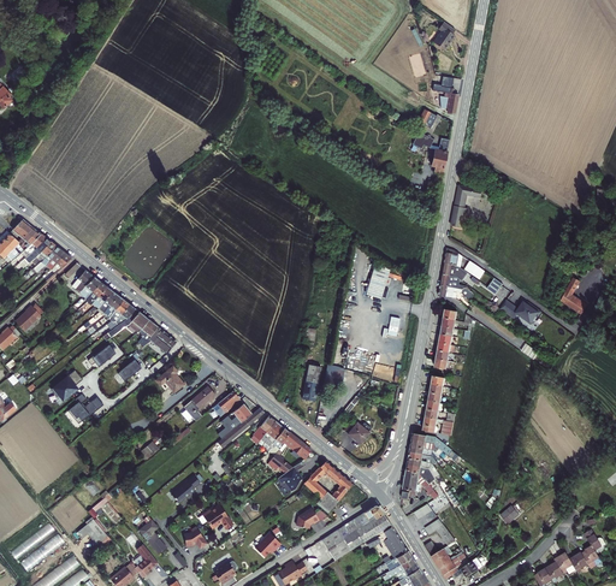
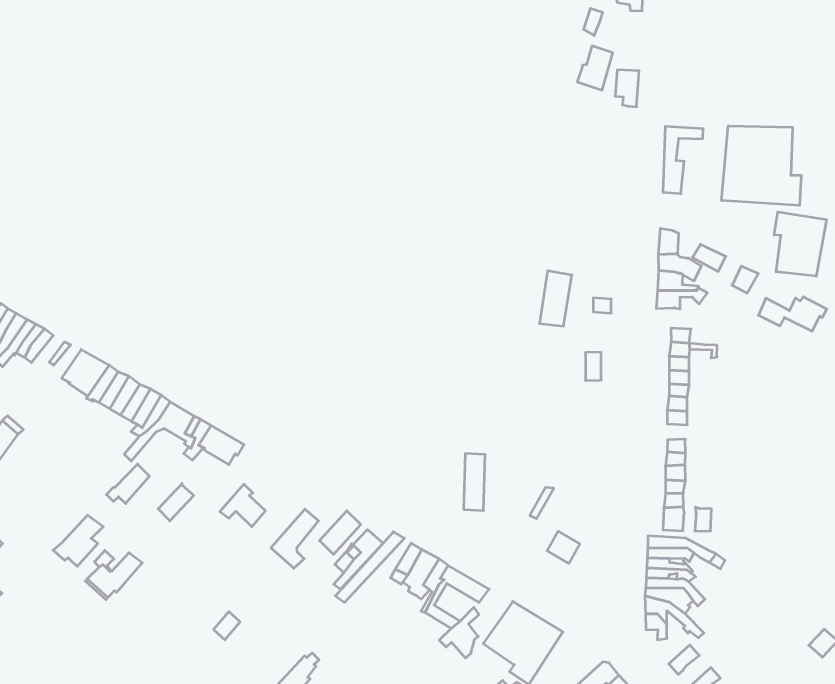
building: none -> [722,126,801,205]
building: none -> [774,212,827,276]

